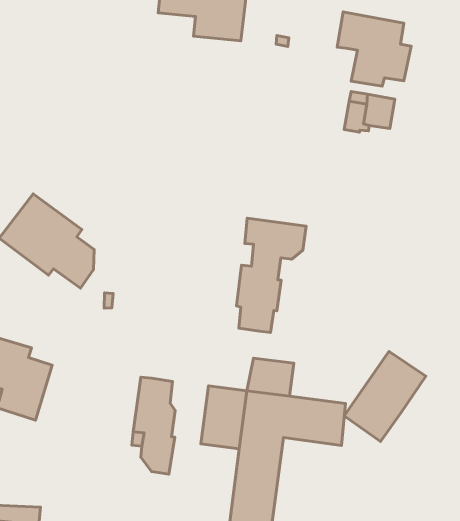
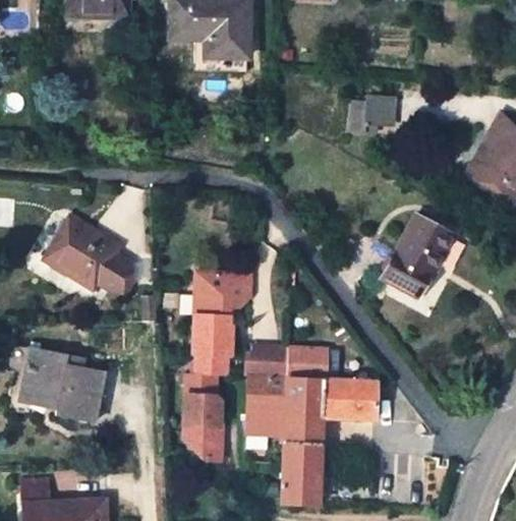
building: [337,12,411,86] -> none
building: [236,218,306,332] -> [192,273,249,375]
building: [344,352,426,442] -> [381,215,452,298]
building: none -> [245,346,288,378]

